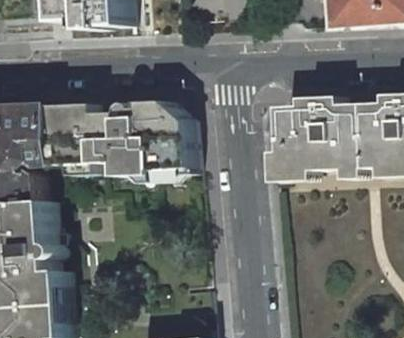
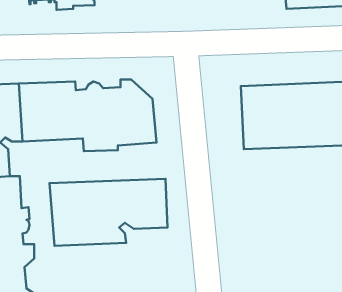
building: none -> [49,179,168,246]

